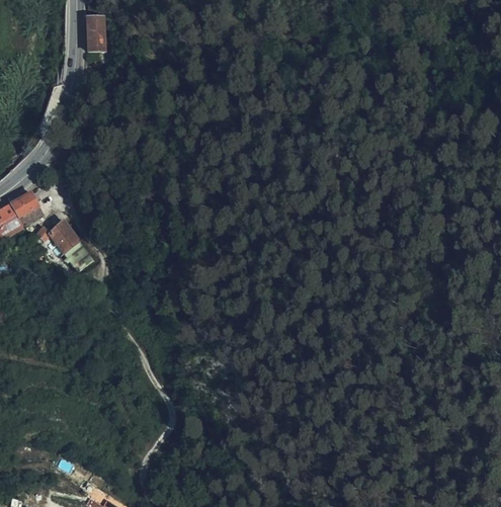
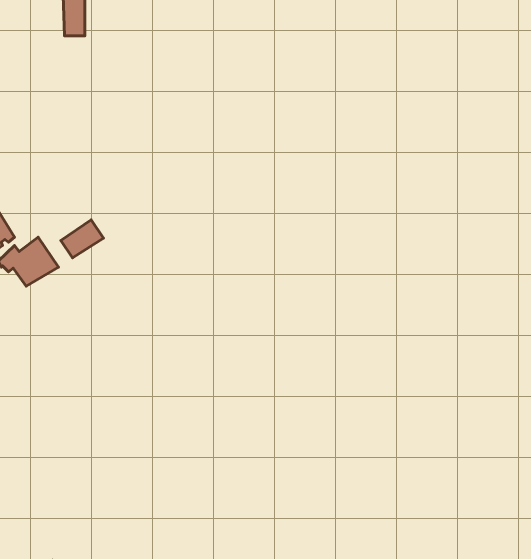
building: none -> [61,220,104,258]

